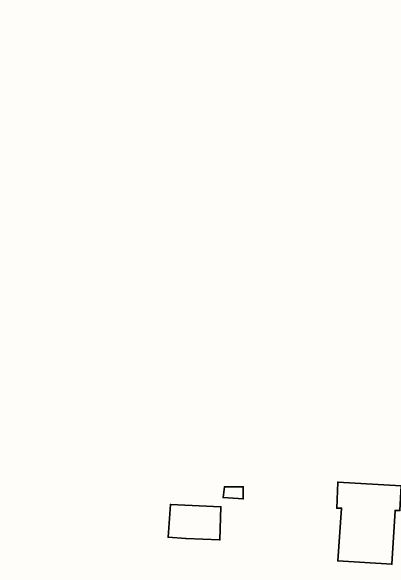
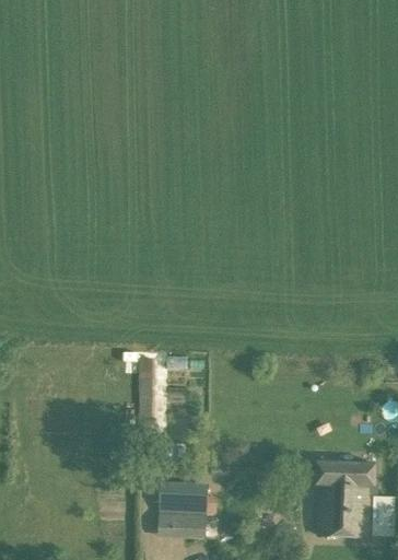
building: none -> [138,357,160,438]
building: none -> [175,511,208,537]

